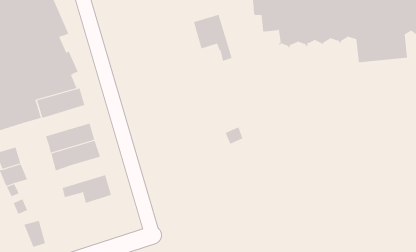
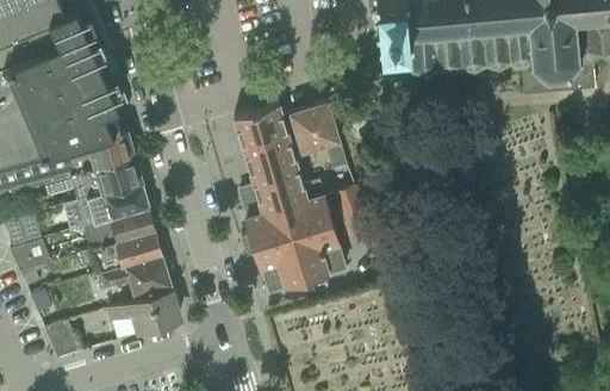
building: [193,14,232,62] -> [291,106,347,174]
building: none -> [234,106,346,293]
building: none -> [43,159,139,203]
building: none -> [79,232,162,277]
building: none -> [105,292,176,339]

